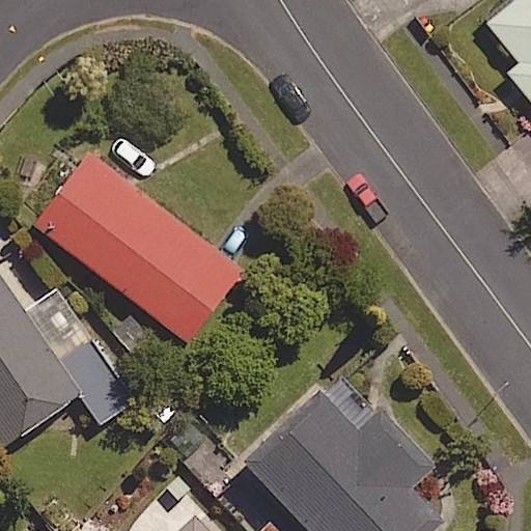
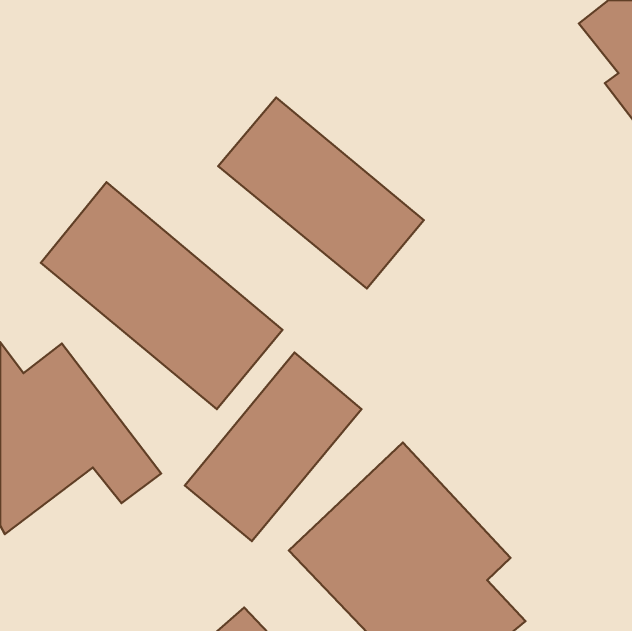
building: none -> [218,98,424,289]
building: none -> [185,352,361,541]

